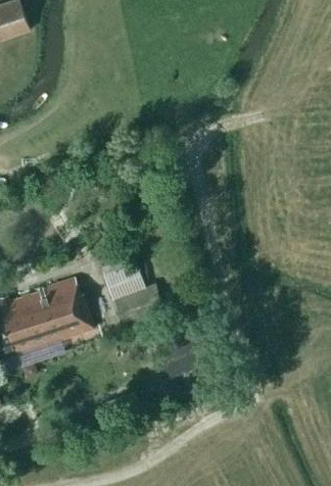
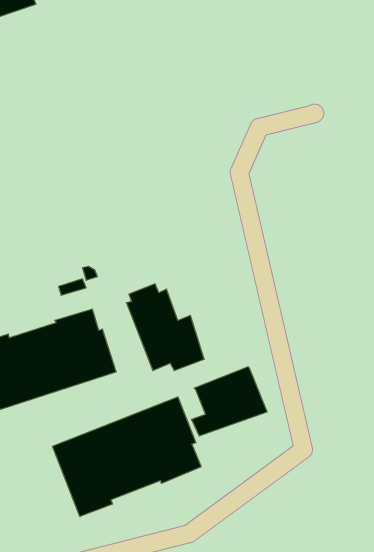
building: none -> [52,397,201,517]

